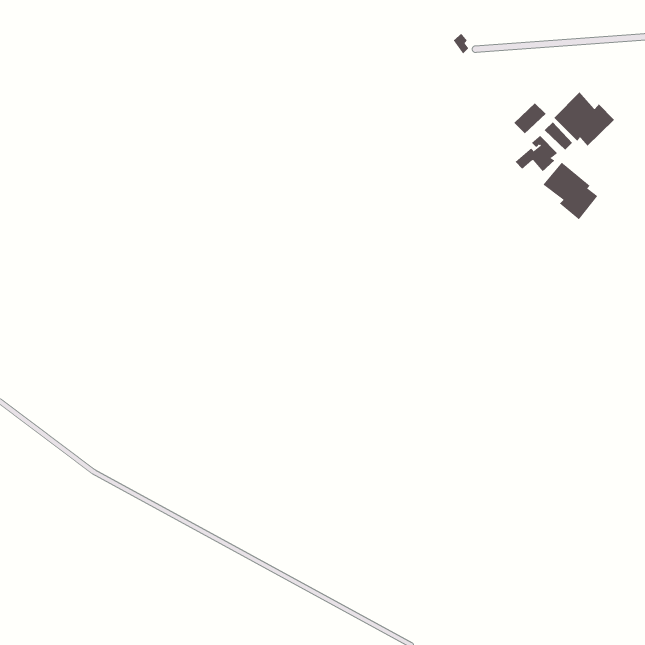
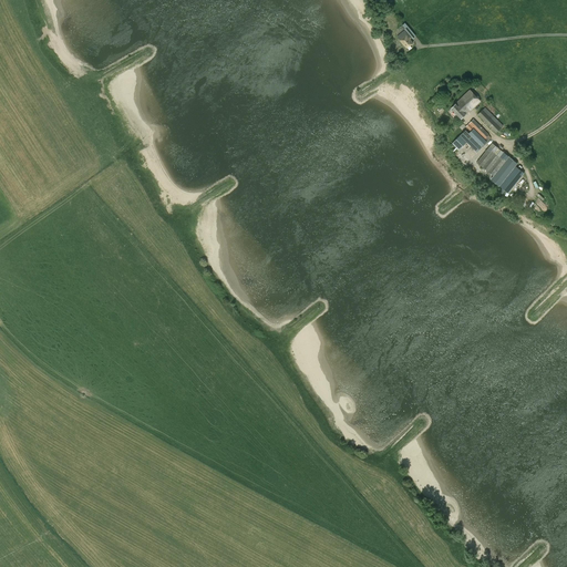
building: [553,92,615,147] -> none

